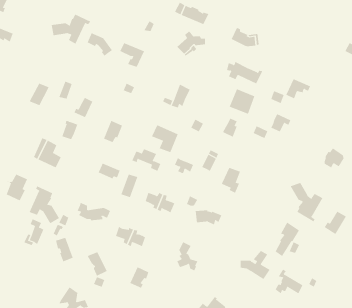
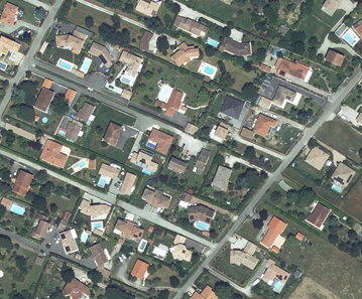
building: [226,61,263,84] -> [278,59,313,81]
building: [290,182,323,223] -> none
building: [29,185,60,224] -> none

